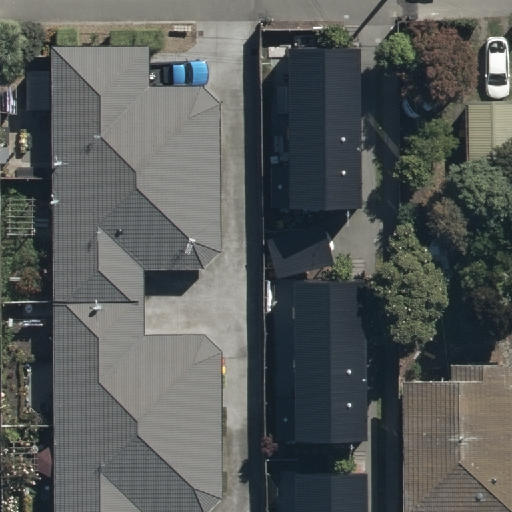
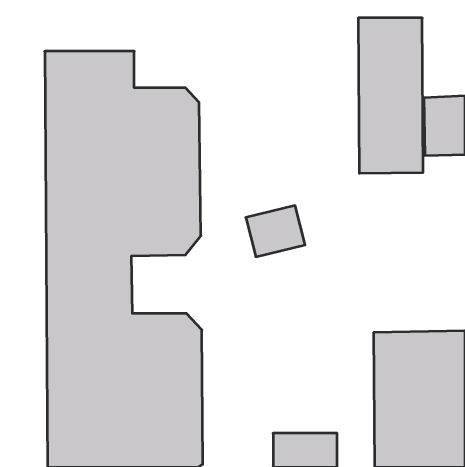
building: [291,46,362,216] -> [358,18,423,173]
building: [298,281,369,451] -> none

